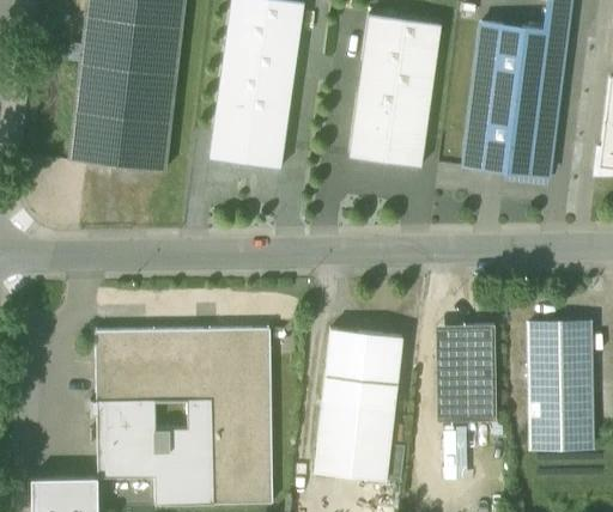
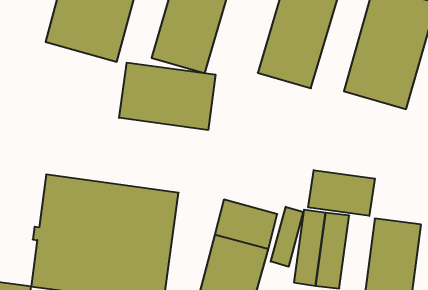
building: none -> [119,63,216,130]
building: none -> [308,170,375,216]
building: none -> [271,207,303,267]

